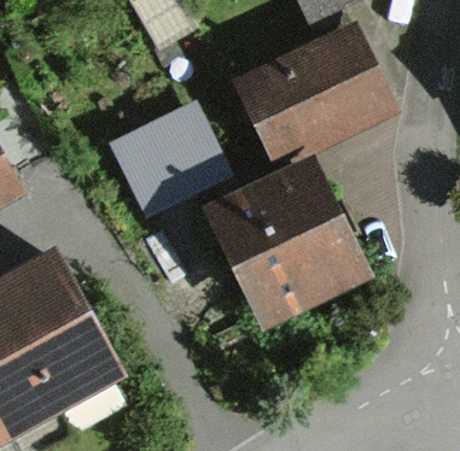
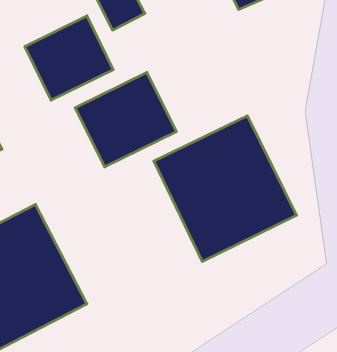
building: [235,20,398,165] -> none
building: none -> [25,16,113,100]

